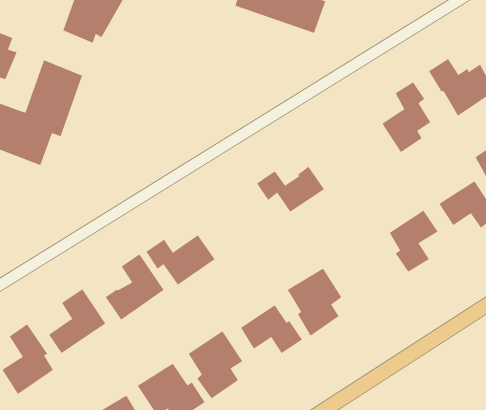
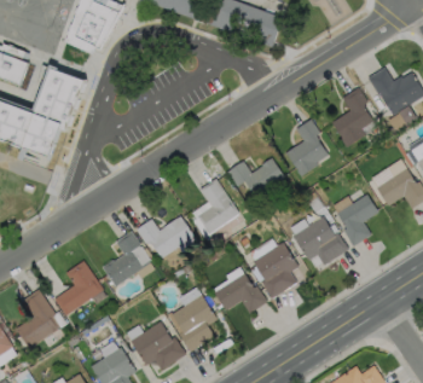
building: none -> [285,118,328,176]
building: none -> [197,176,238,232]
building: none -> [292,216,348,265]

